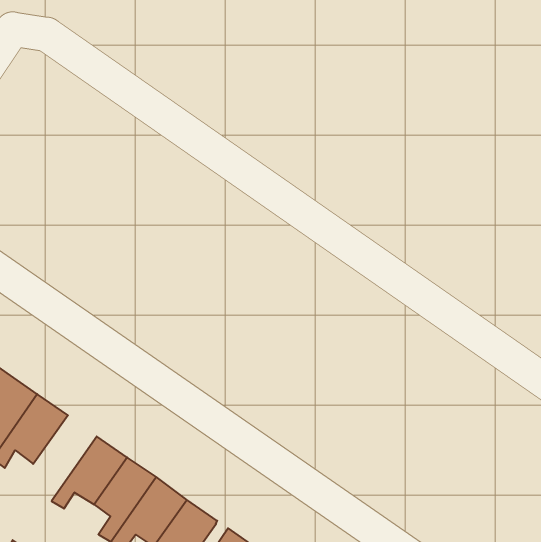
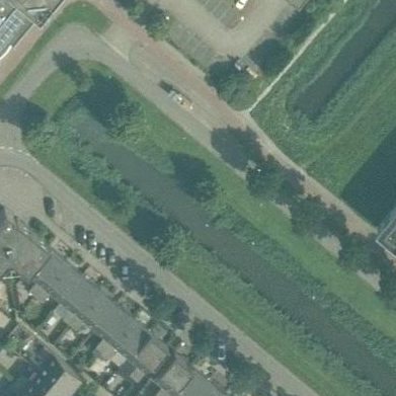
building: none -> [61,279,100,329]

